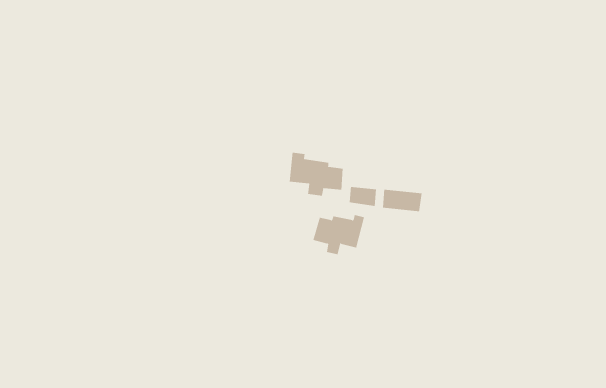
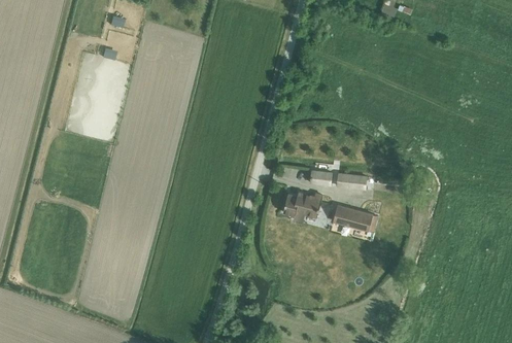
building: [289,152,343,196] -> none
building: none -> [332,205,376,231]

